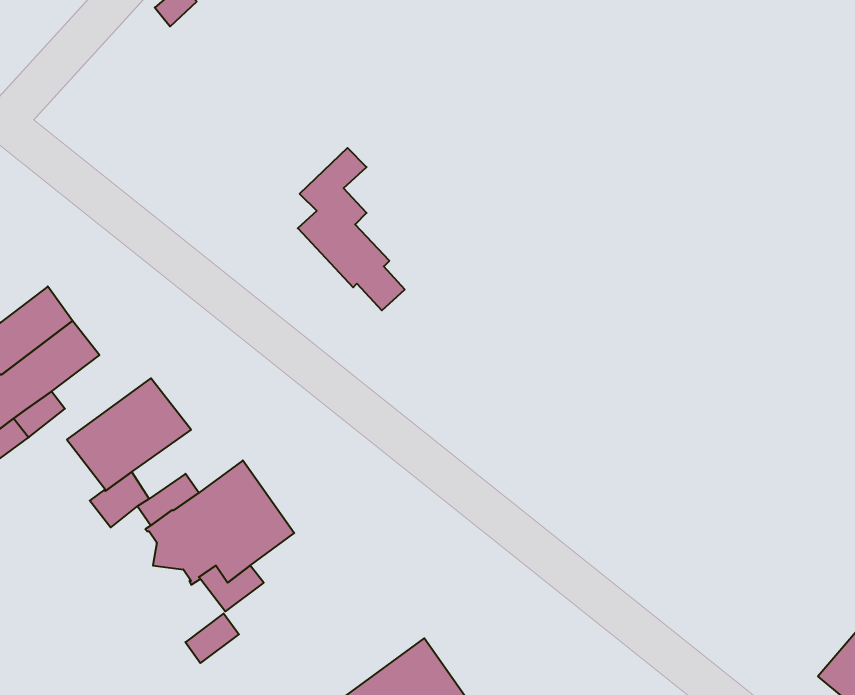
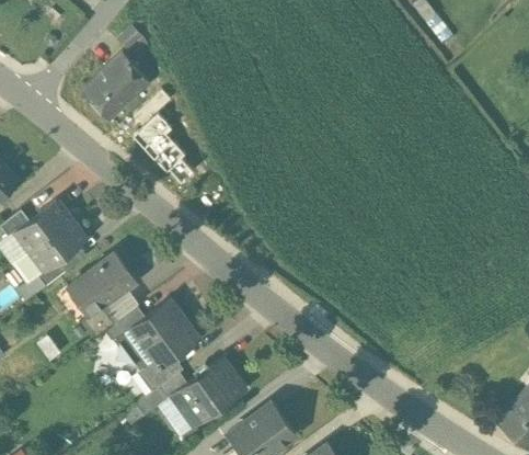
building: none -> [82,55,150,123]
building: [298,148,405,310] -> [133,92,194,185]
building: none -> [170,361,245,430]

